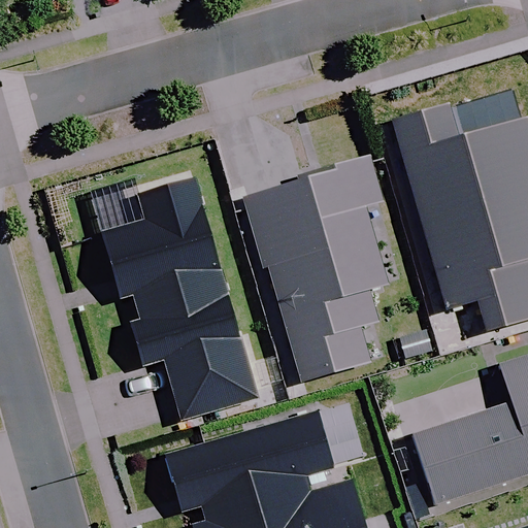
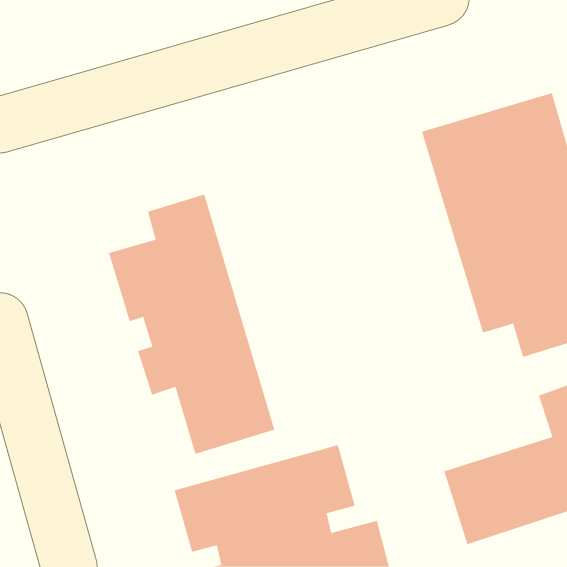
building: [243,156,387,382] -> none

